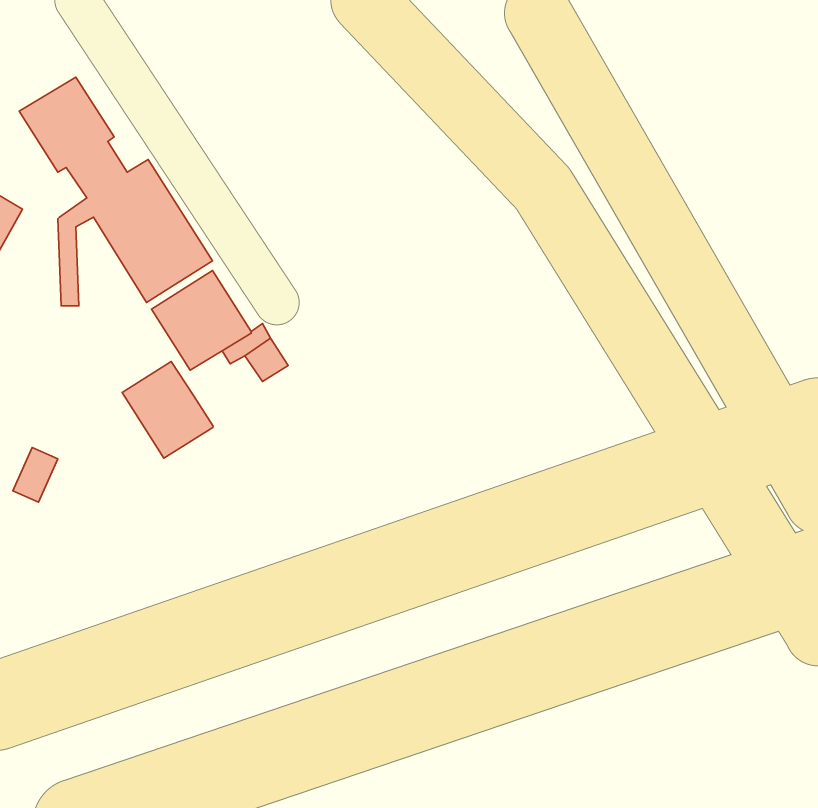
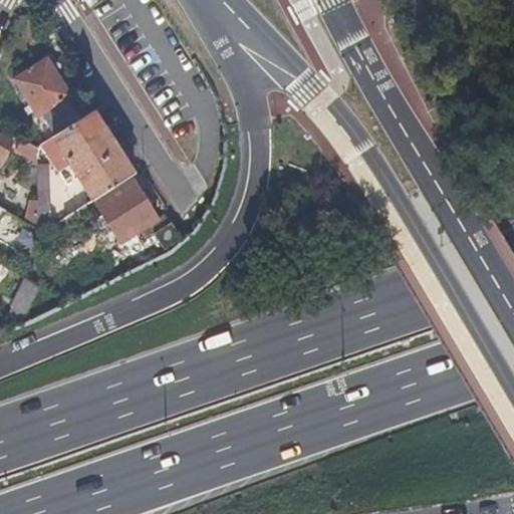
building: [122,362,213,458] -> none

